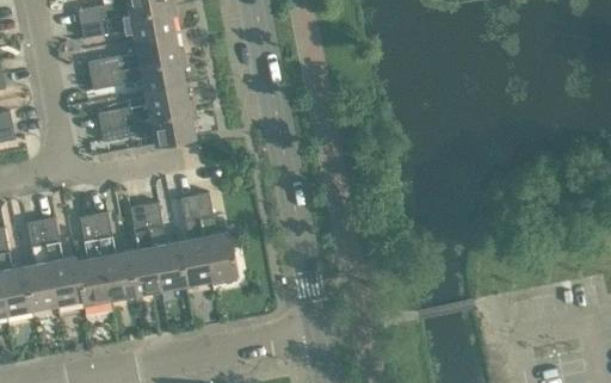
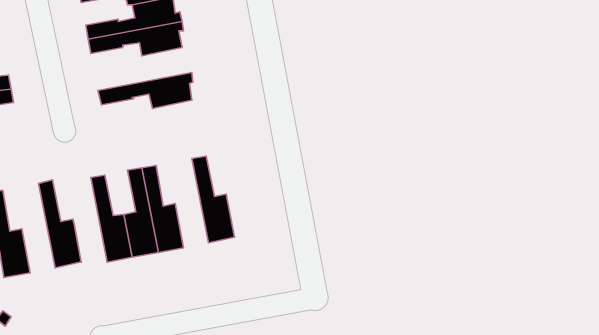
building: [98,85,195,128] -> none
building: [178,196,211,285] -> none
building: [76,215,110,304] -> none
building: [24,221,57,310] -> none

